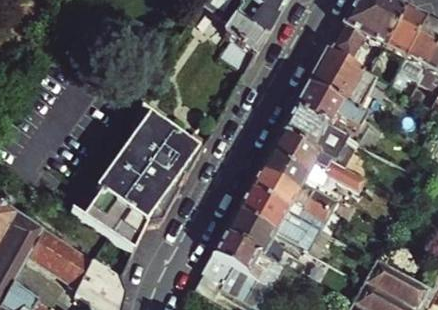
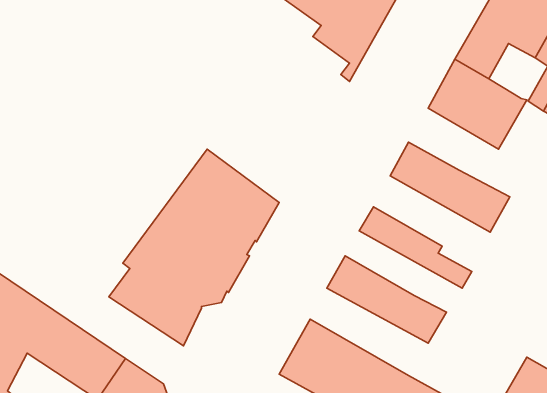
building: [294,82,366,128] -> none
building: [269,130,366,190] -> none
building: [249,169,332,222] -> none
building: [224,210,308,272] -> none

